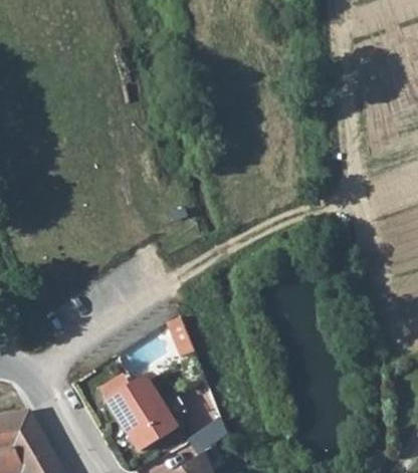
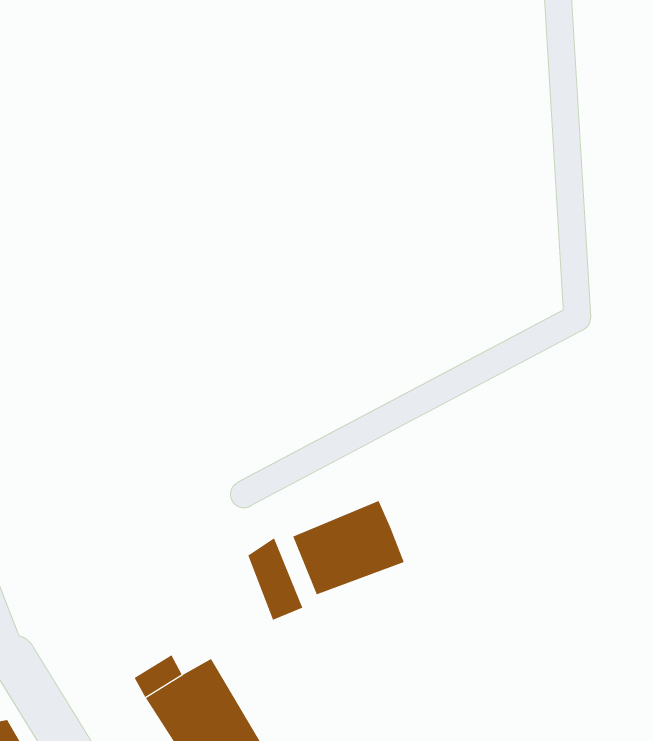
building: none -> [292,500,405,595]

